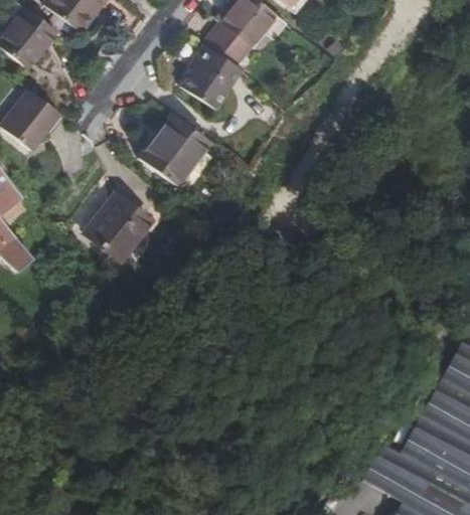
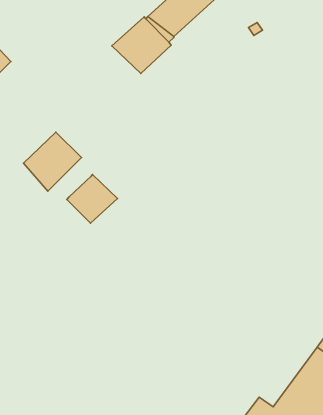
building: [135,110,205,182] -> none
building: none -> [67,174,118,223]

